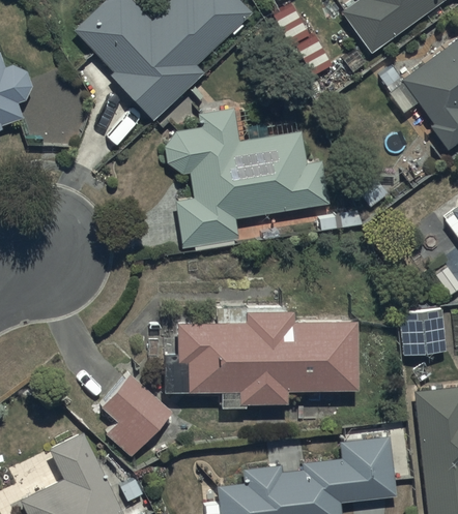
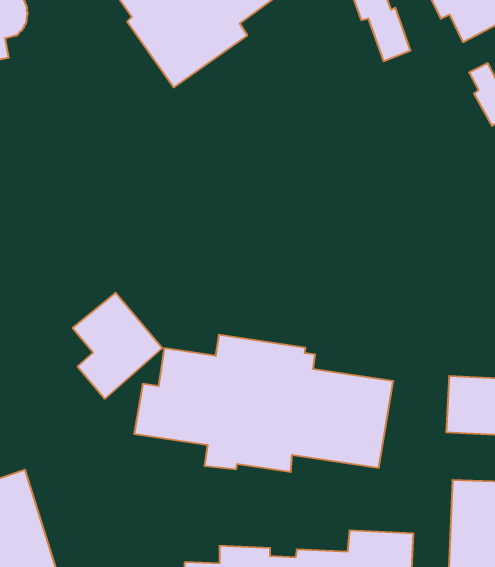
building: [166,109,332,250] -> none
building: [99,374,171,457] -> [73,293,162,399]

